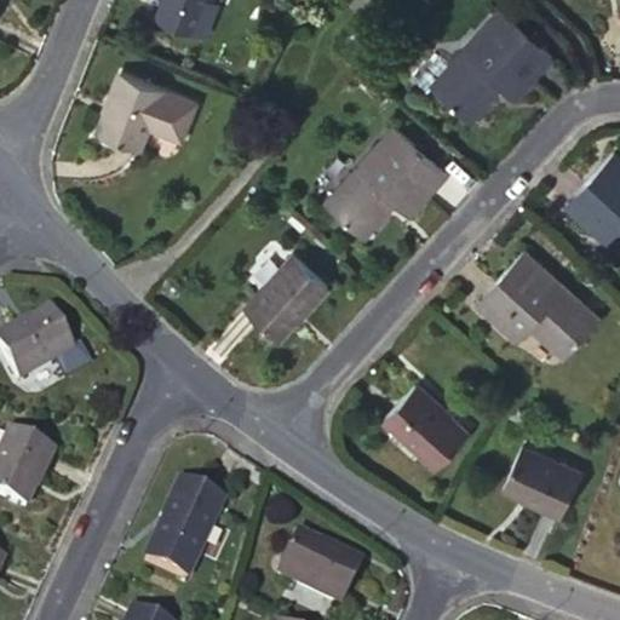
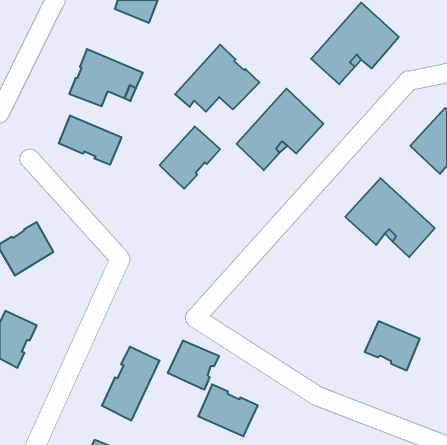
building: none -> [175,45,259,112]
building: none -> [59,115,121,165]
building: [246,256,329,341] -> [160,126,220,189]
building: [384,384,471,471] -> none
building: none -> [168,340,219,390]

